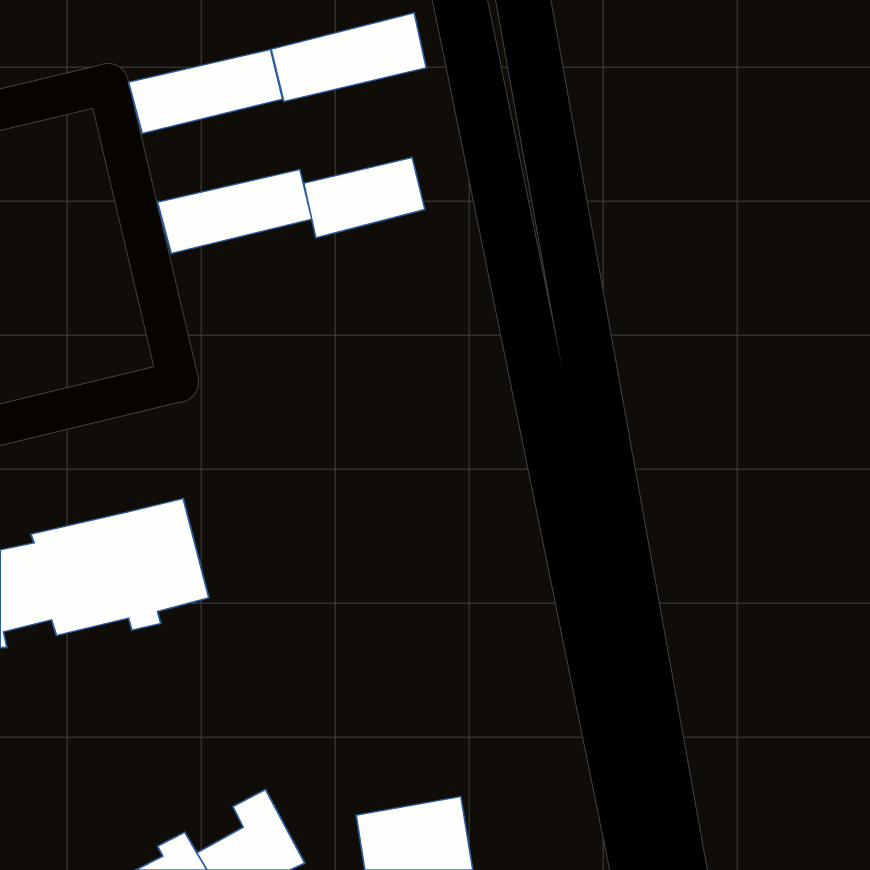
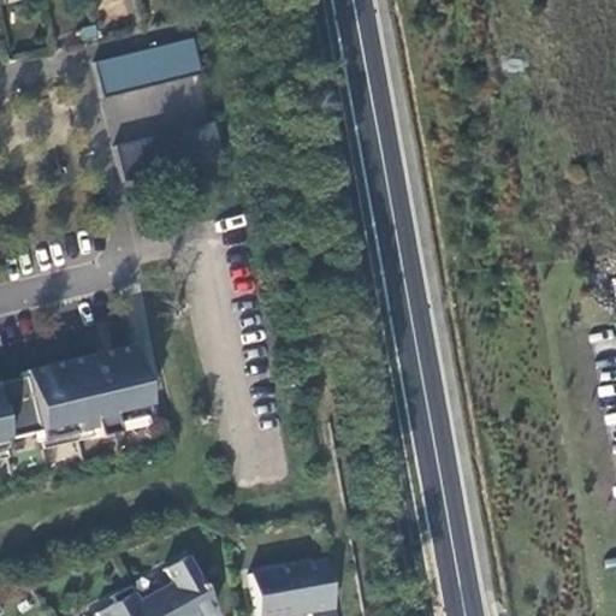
building: [271,13,426,102] -> none
building: [304,157,425,238] -> none

